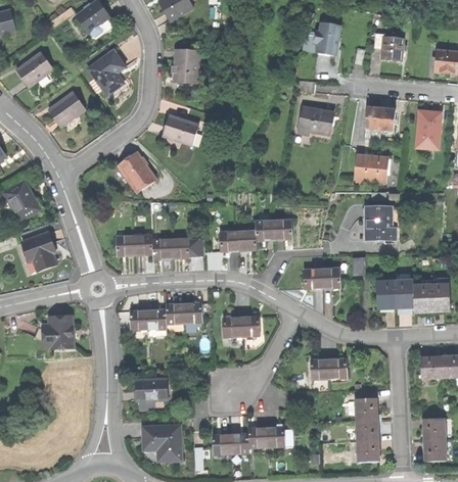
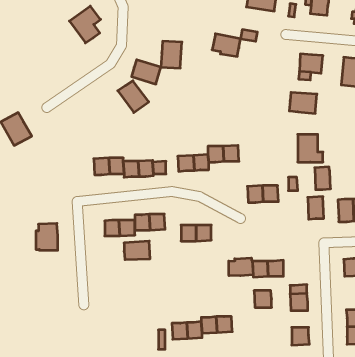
building: [174,49,199,82] -> [161,41,182,68]
building: [15,51,53,86] -> none
building: [48,91,85,126] -> none
building: [300,105,334,133] -> [212,34,241,56]
building: [118,152,155,191] -> [118,81,149,113]
building: [21,231,56,270] -> none
building: [396,280,415,307] -> [315,167,331,190]
building: none -> [229,258,253,276]
building: [135,377,167,399] -> [124,241,150,260]
building: [357,420,378,440] -> [254,291,272,307]
building: [142,424,180,460] -> none

